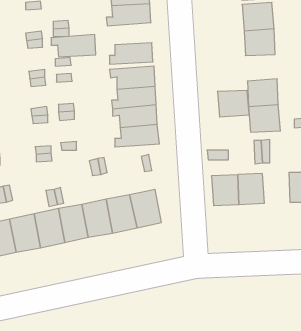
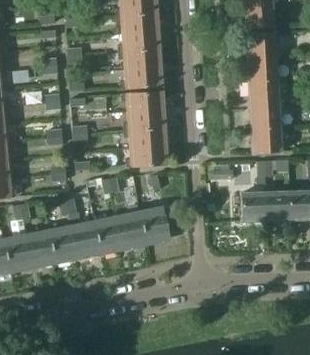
building: [51,35,96,57] -> [118,50,160,71]
building: [217,90,249,117] -> [248,80,278,105]
building: [211,175,239,206] -> [264,191,290,220]

